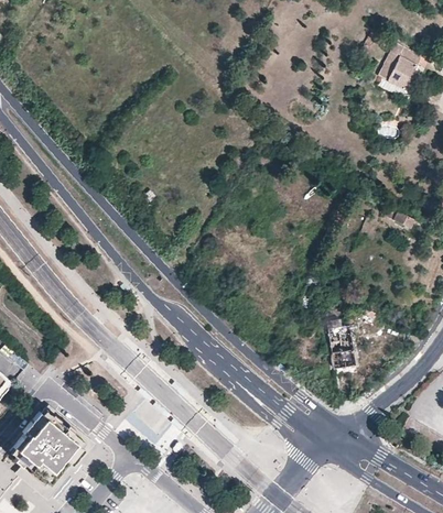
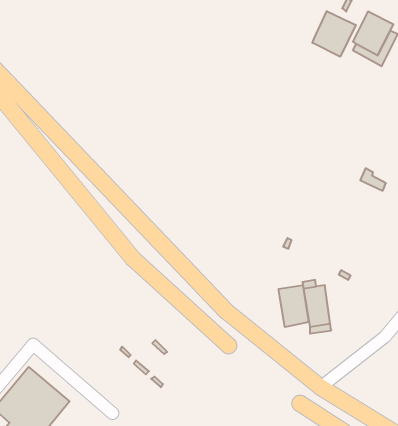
building: none -> [312,11,356,57]
building: none -> [279,285,309,327]

